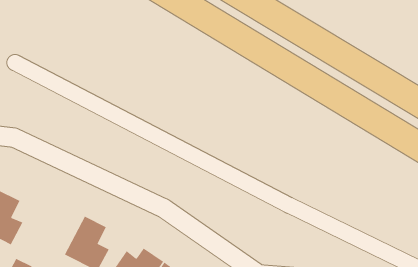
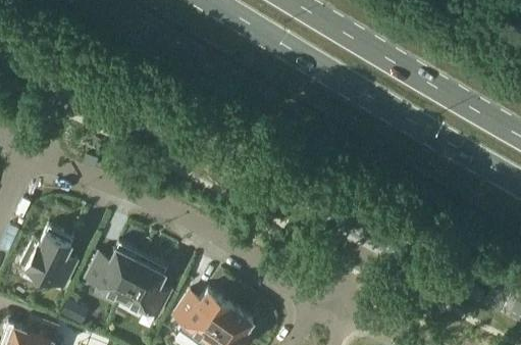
building: none -> [86,243,144,298]

